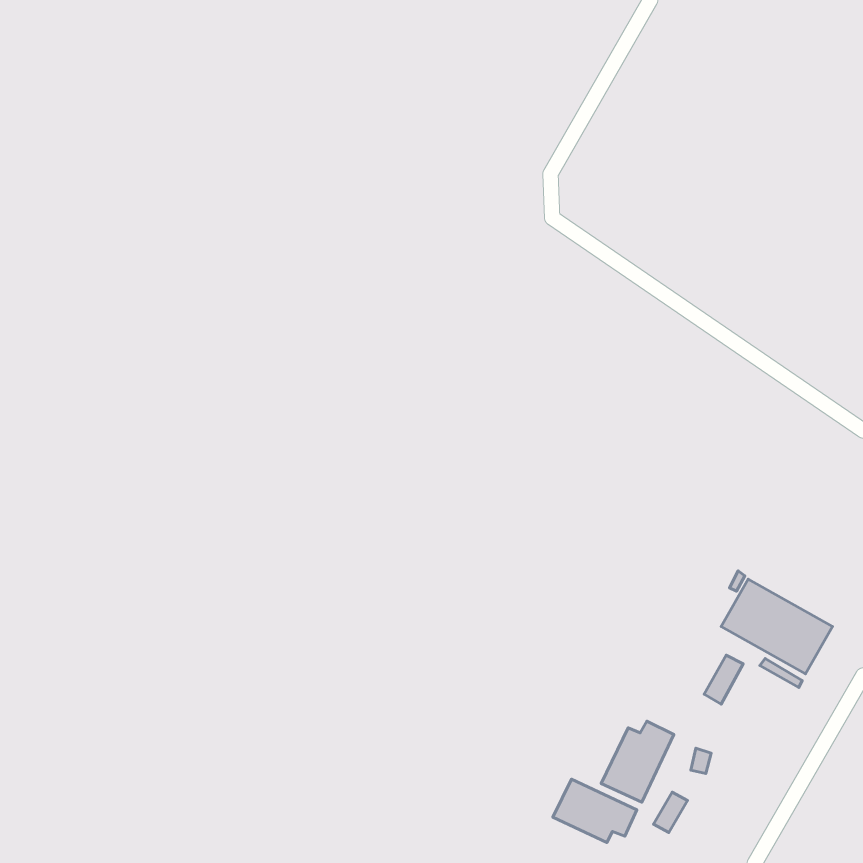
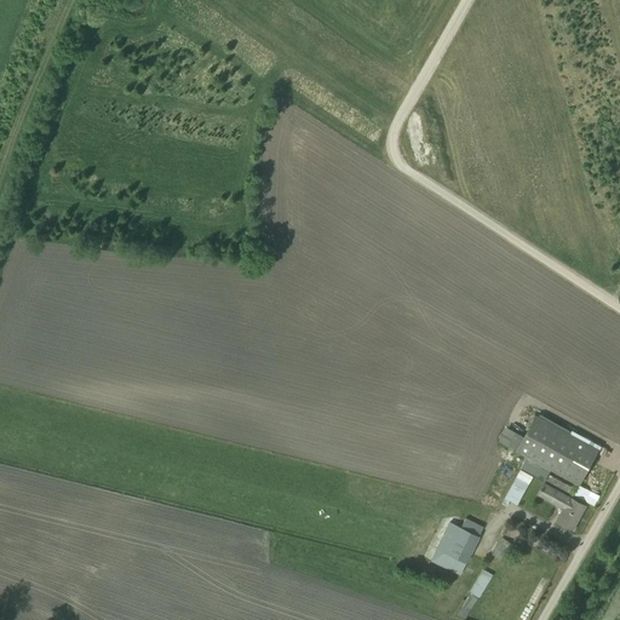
building: none -> [538,483,586,530]
building: [553,779,637,842] -> none

